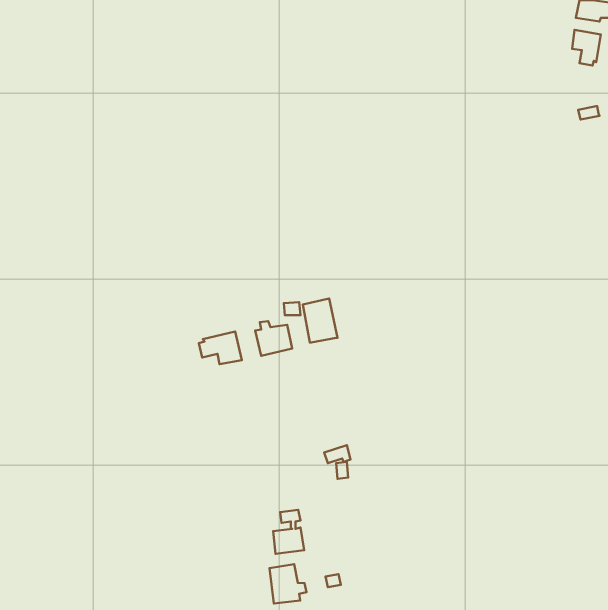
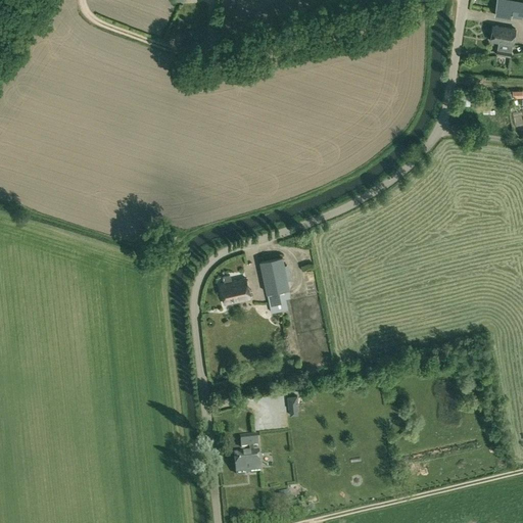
building: [199,332,242,364] -> none
building: [270,564,306,603] -> none

